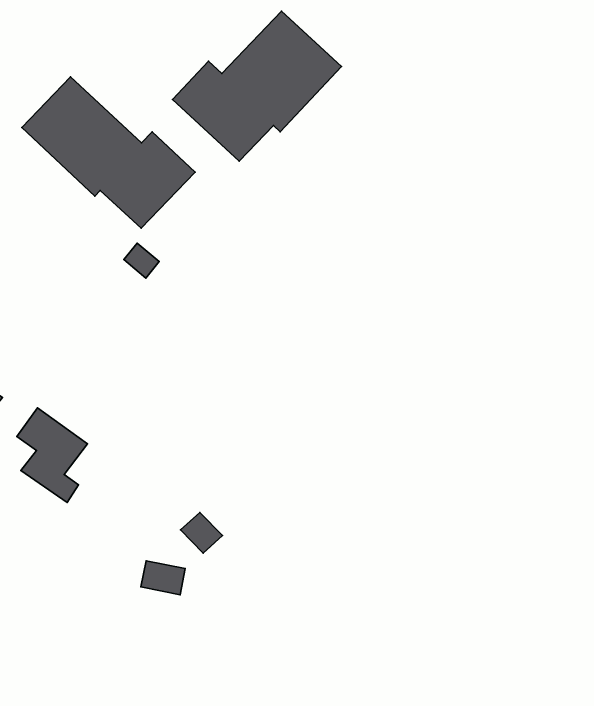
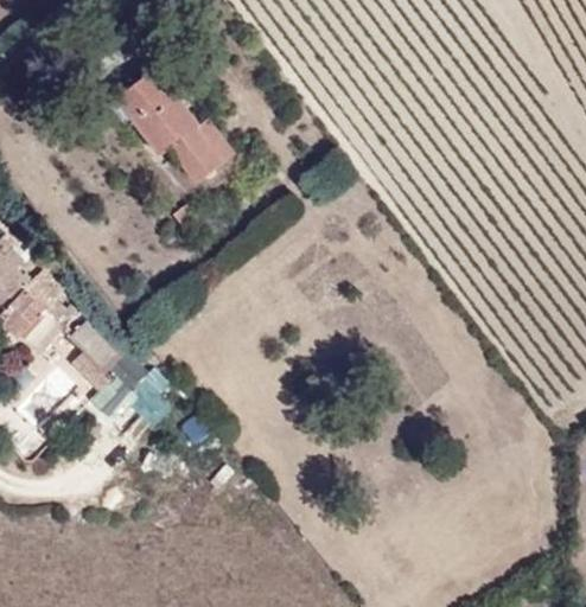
building: [172,11,341,161] -> none

